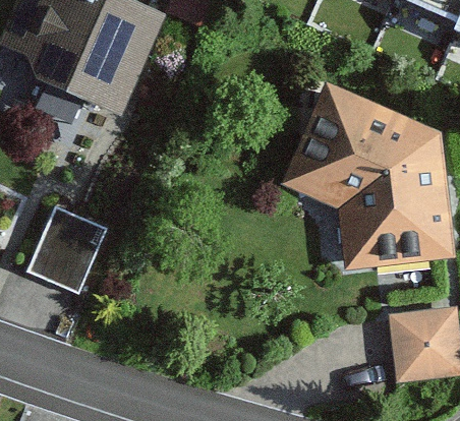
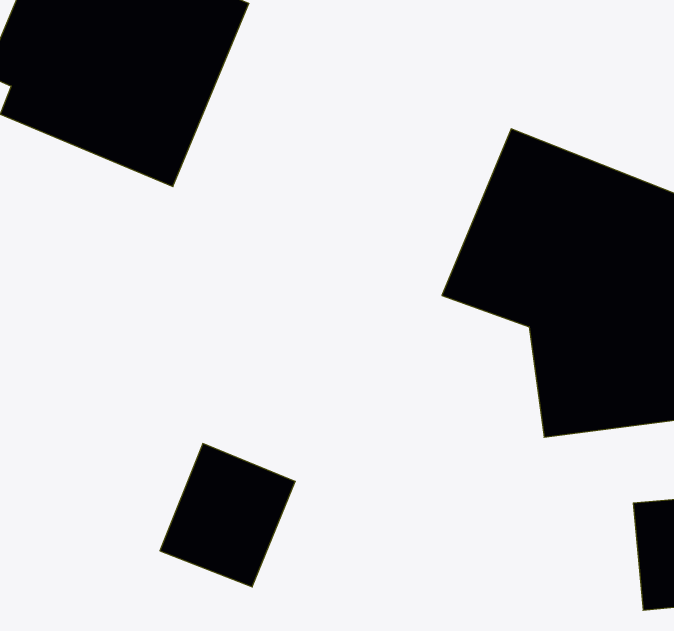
building: [25,205,109,294] -> [160,444,295,587]

